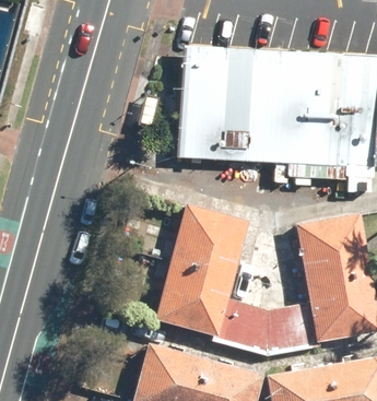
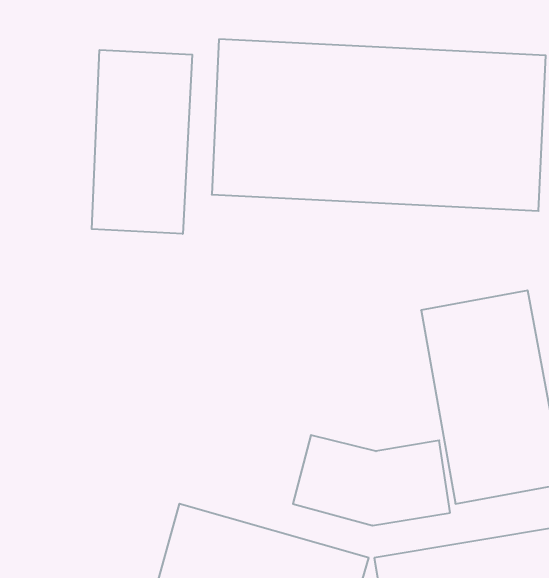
building: none -> [92,50,192,234]
building: [152,204,246,335] -> none

